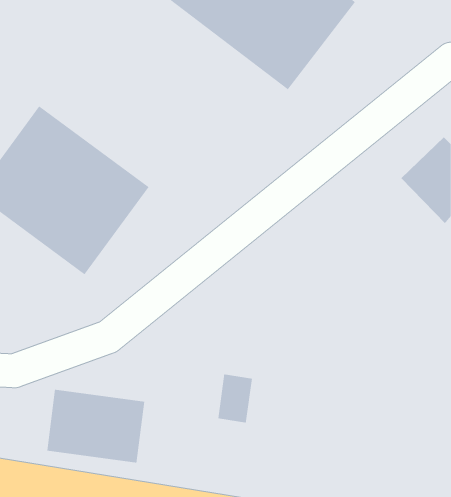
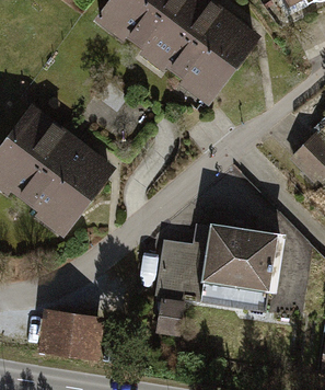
building: none -> [160,227,276,310]

